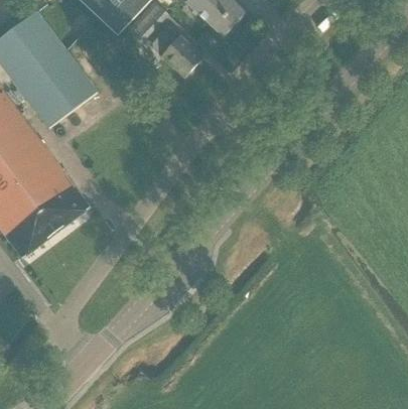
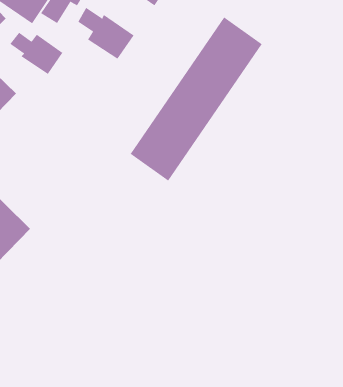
building: none -> [10,32,63,75]
building: none -> [130,16,263,182]

